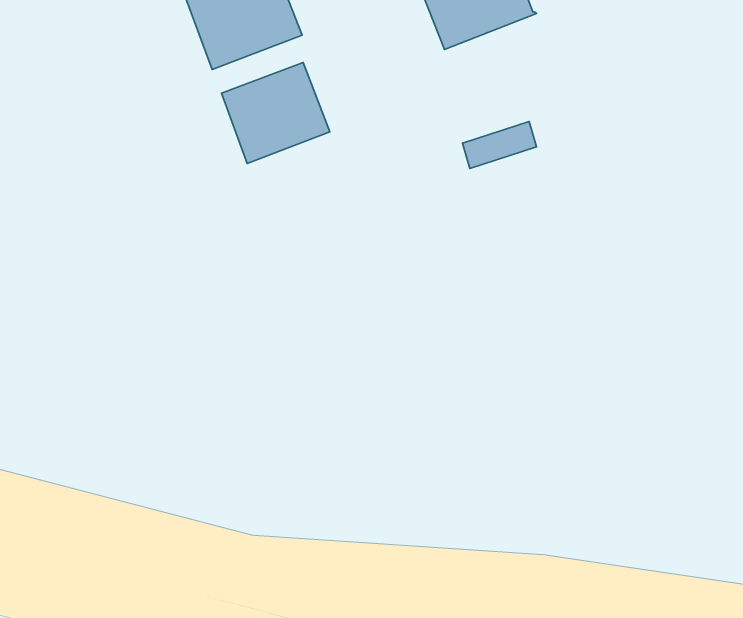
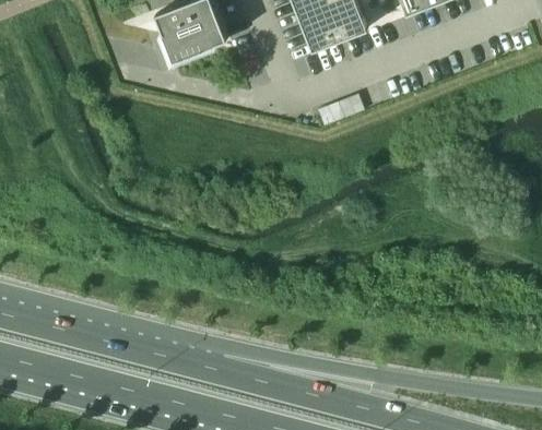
building: [221,63,330,163] -> none

